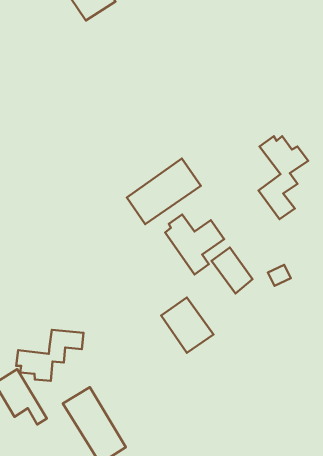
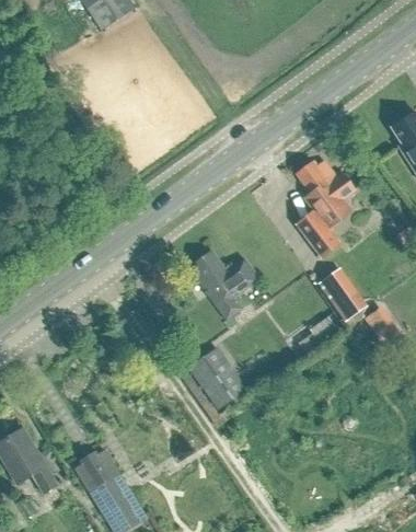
building: [127,158,201,224] -> none
building: [212,248,253,293] -> [320,268,367,321]
building: [16,330,83,381] -> none

